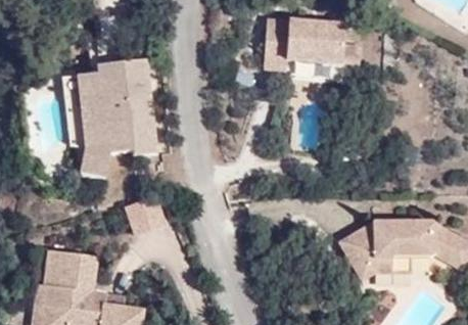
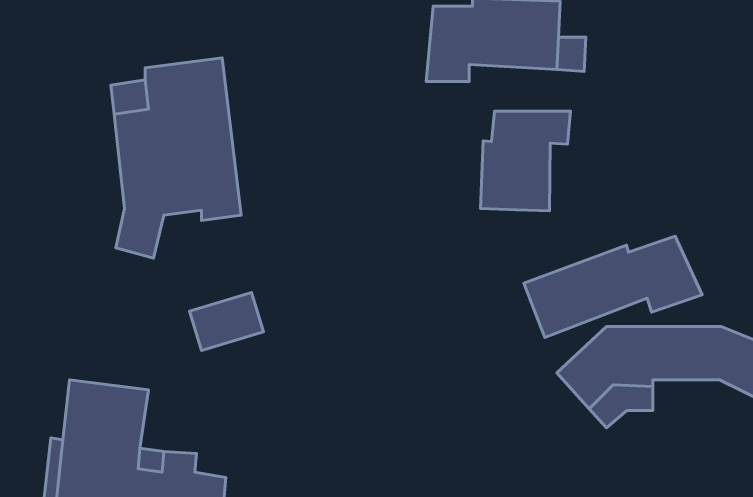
building: none -> [480,111,570,211]
building: none -> [524,236,702,337]

